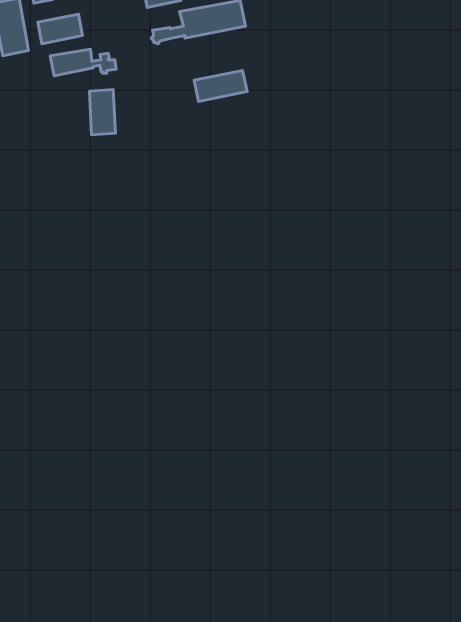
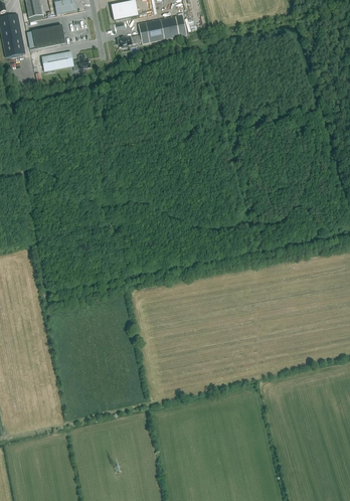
building: [194,71,247,101] -> none
building: [89,90,115,135] -> none

